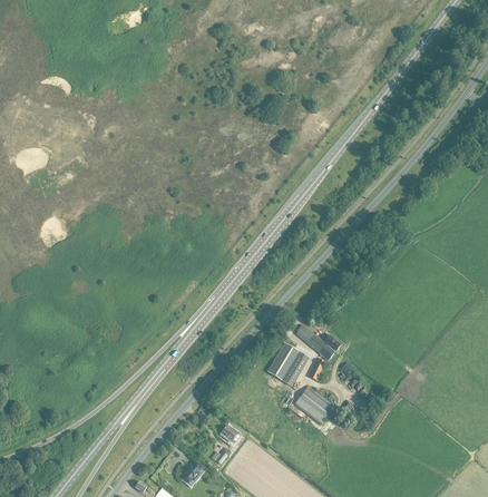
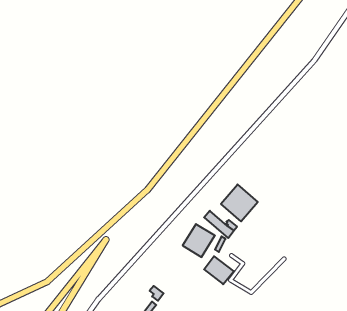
building: none -> [221,184,258,221]

